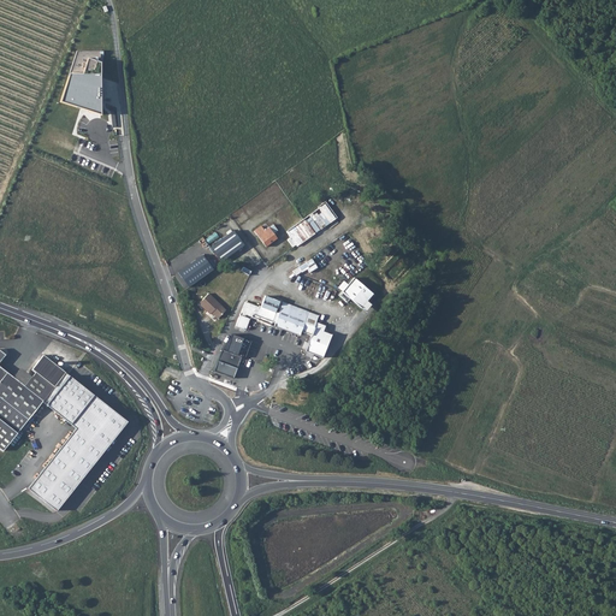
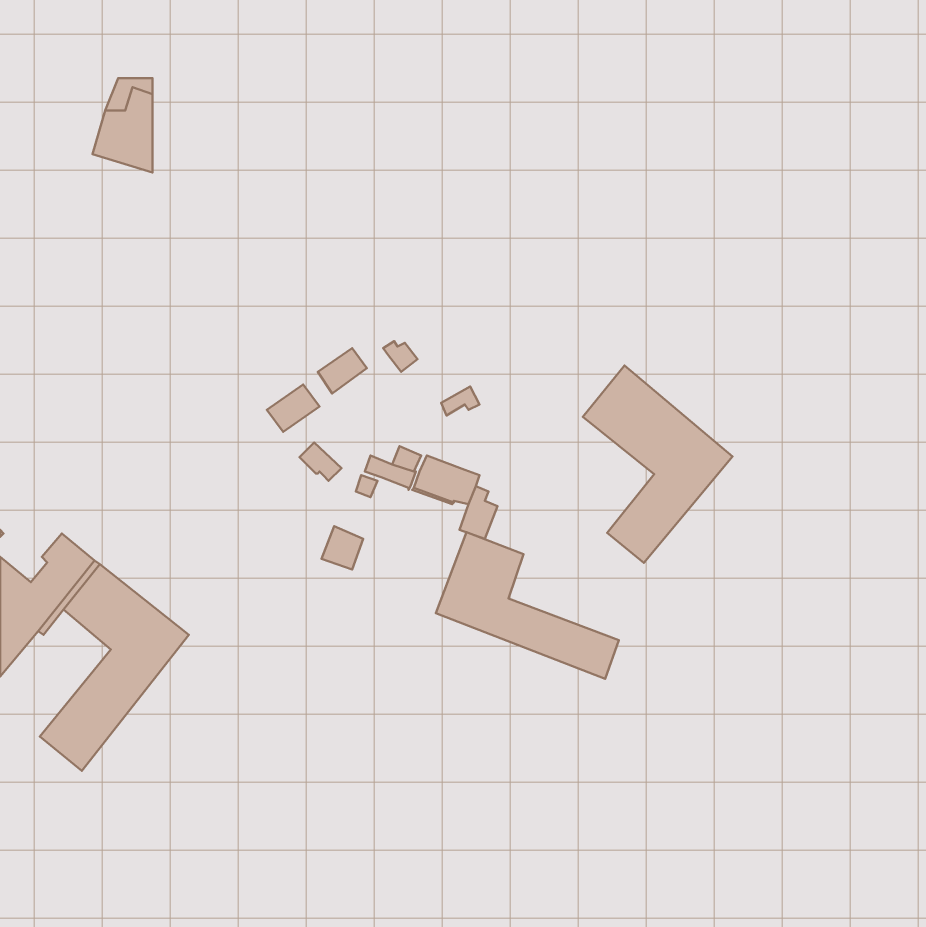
building: [288,203,337,245] -> none
building: none -> [583,366,733,563]
building: [342,278,373,312] -> none
building: none -> [436,532,619,679]

